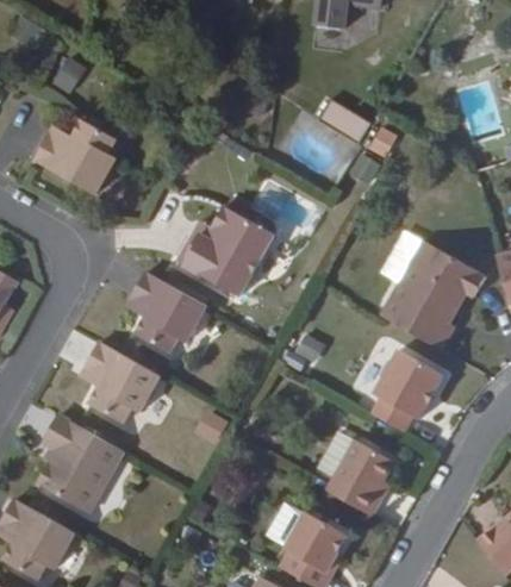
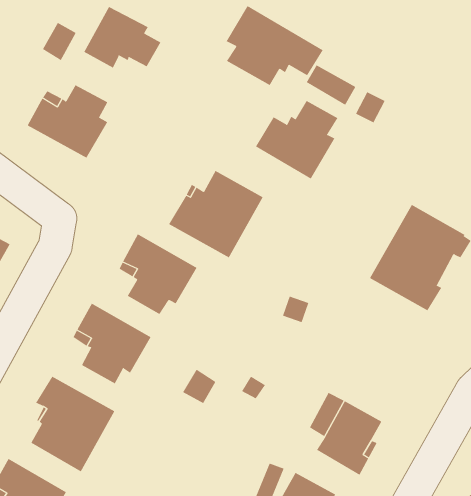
building: none -> [226,5,323,86]
building: none -> [84,6,161,69]
building: none -> [255,100,338,179]
building: [366,350,444,432] -> none

